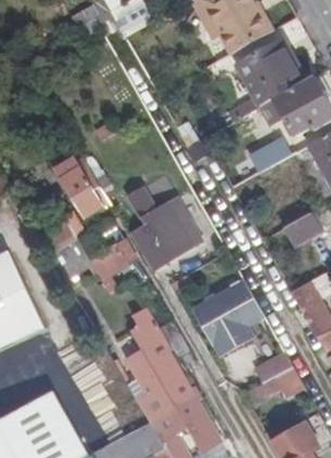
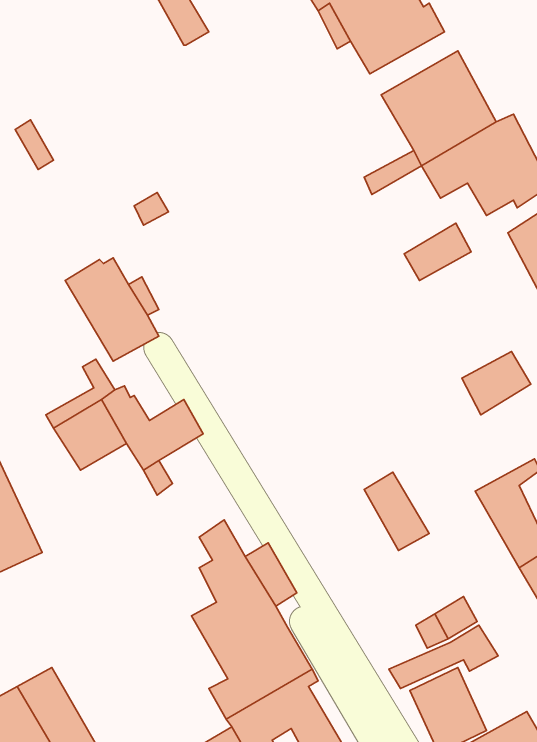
building: [128,188,192,270] -> none
building: [193,291,251,354] -> none

